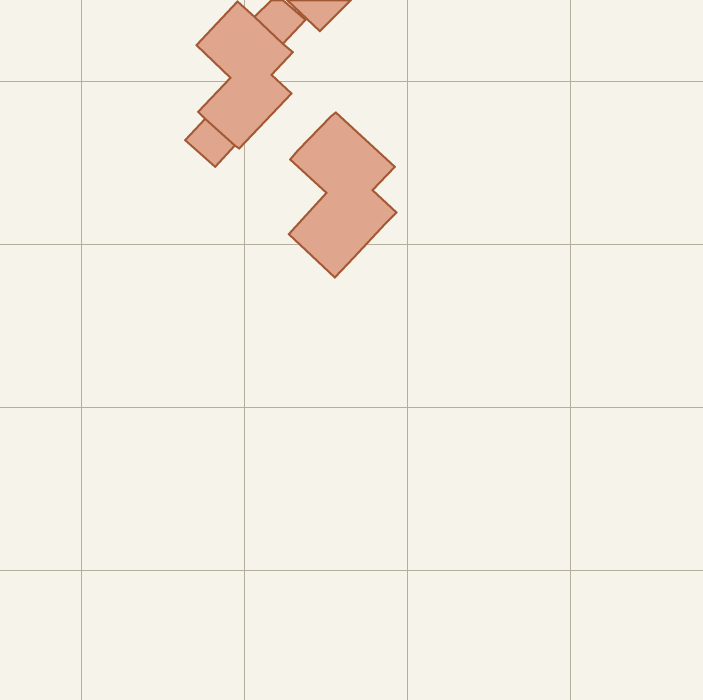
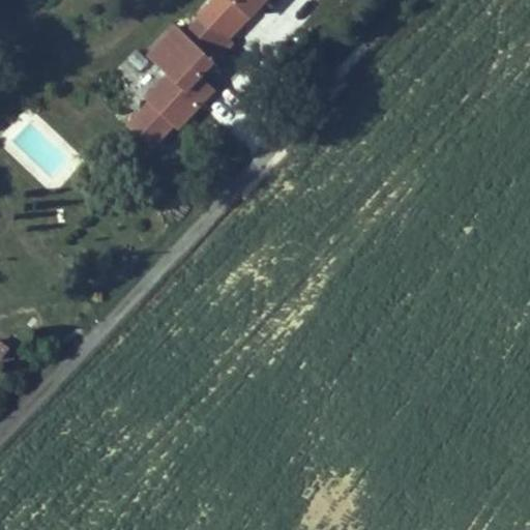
building: [289,112,396,277] -> none

